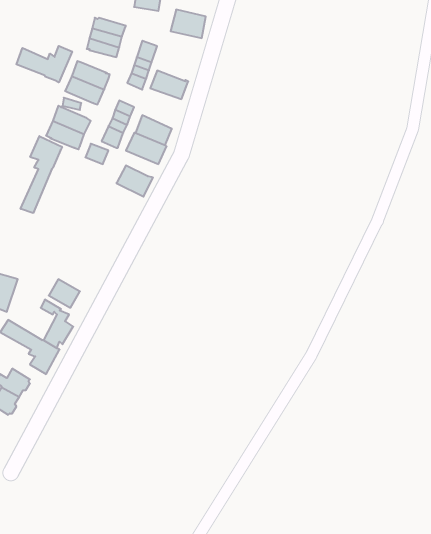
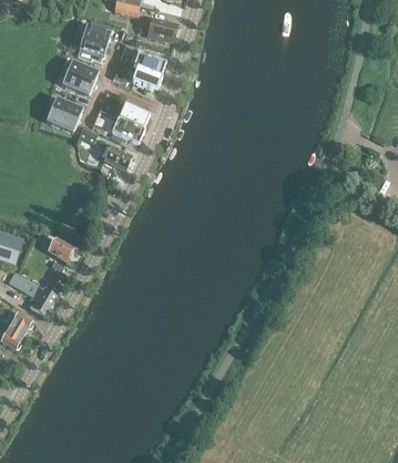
building: [16,46,72,82] -> none
building: none -> [131,52,164,76]
building: [21,136,62,213] -> none

